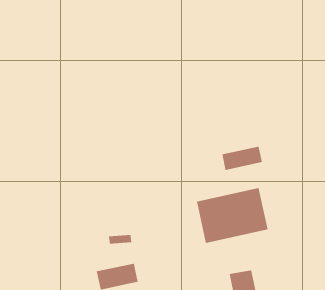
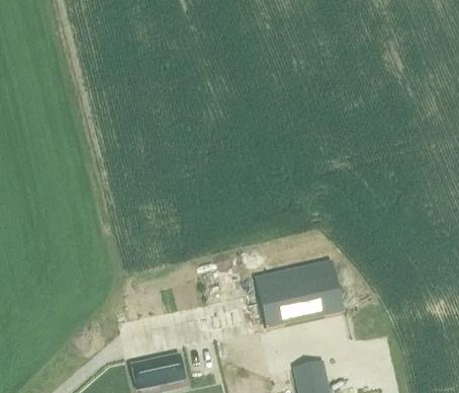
building: [222,146,263,171] -> none

